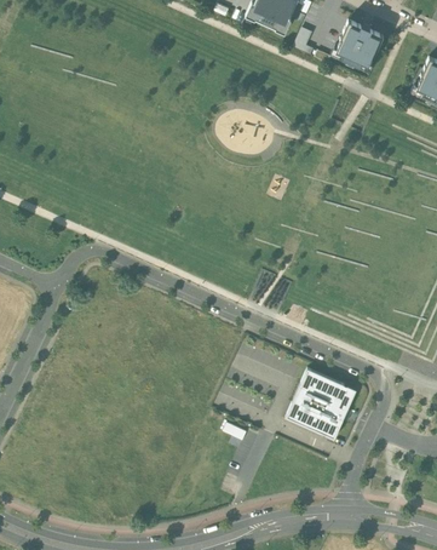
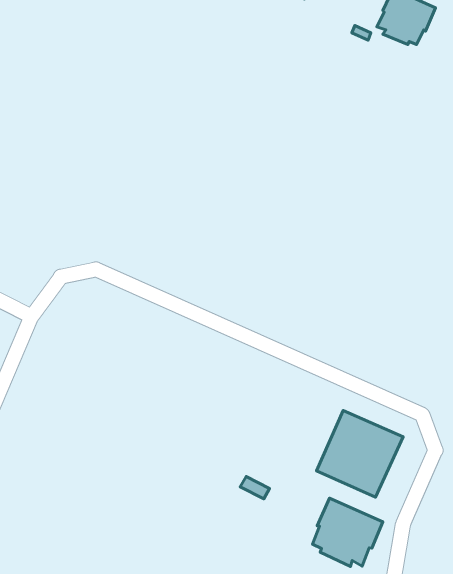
building: none -> [313,498,383,566]

